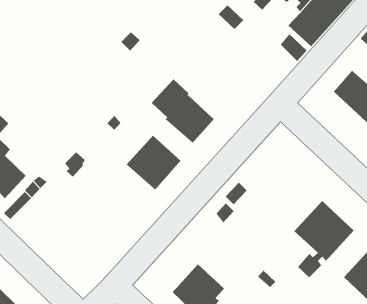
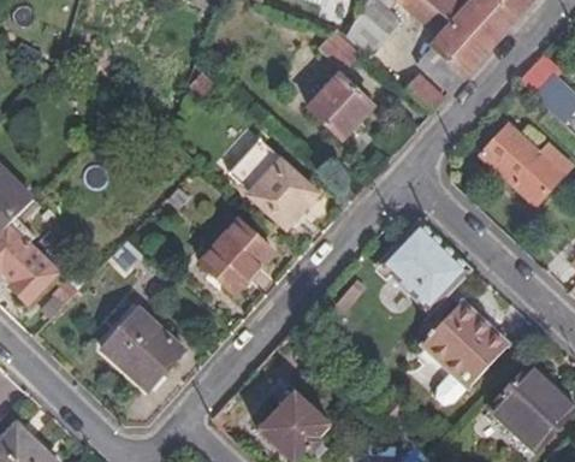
building: none -> [310,76,373,140]
building: none -> [379,219,476,315]
building: none -> [103,310,183,391]

